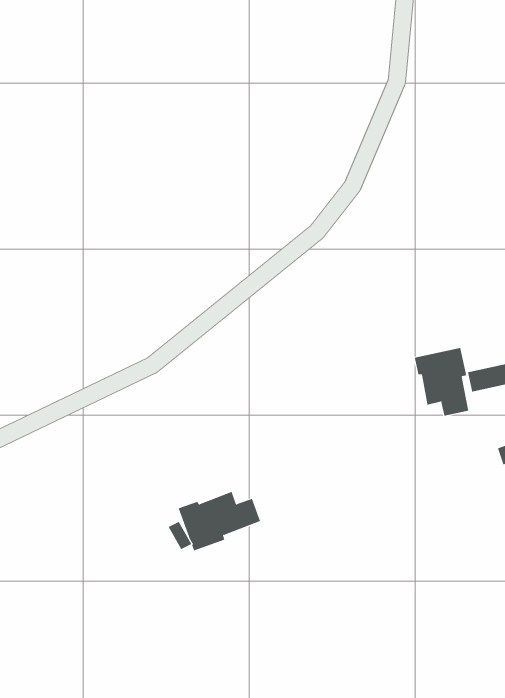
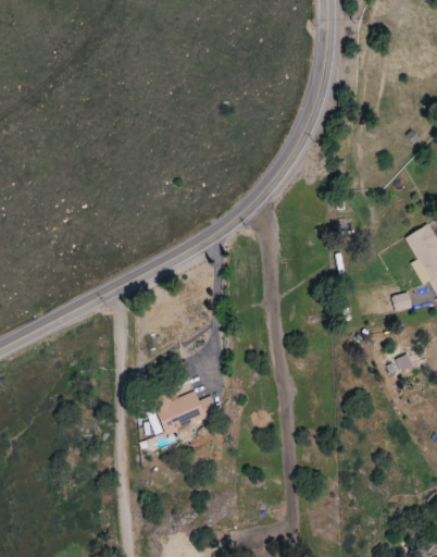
building: [414,347,469,416] -> none

